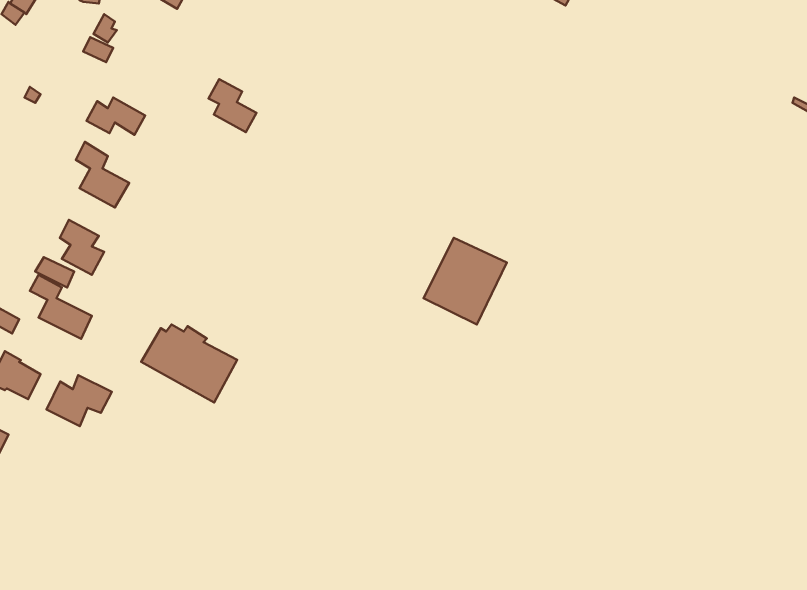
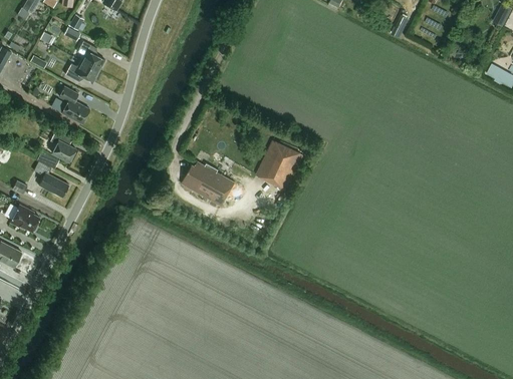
building: [209,79,256,132] -> [77,41,104,71]
building: [141,324,237,402] -> [181,162,235,207]
building: [47,375,112,426] -> none

